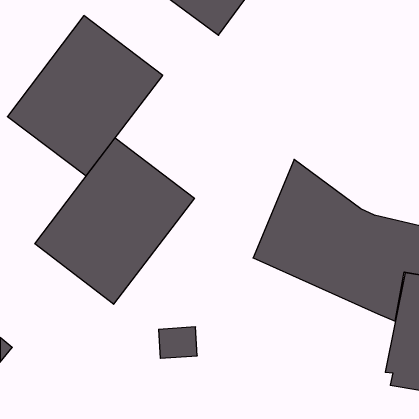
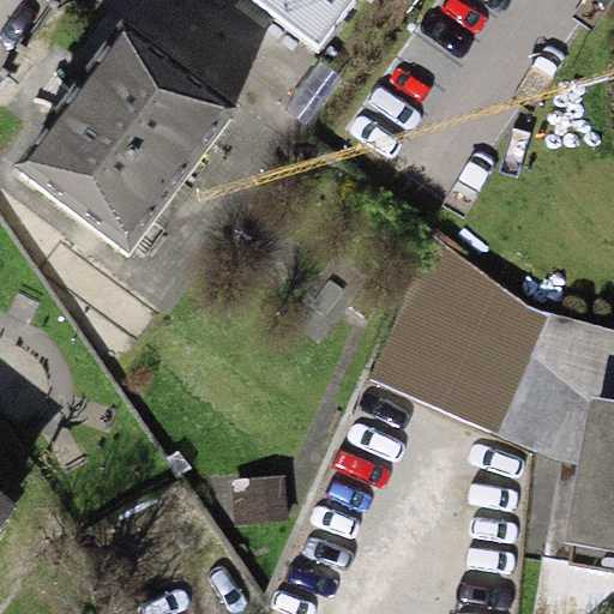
building: [35,138,194,304] -> none

